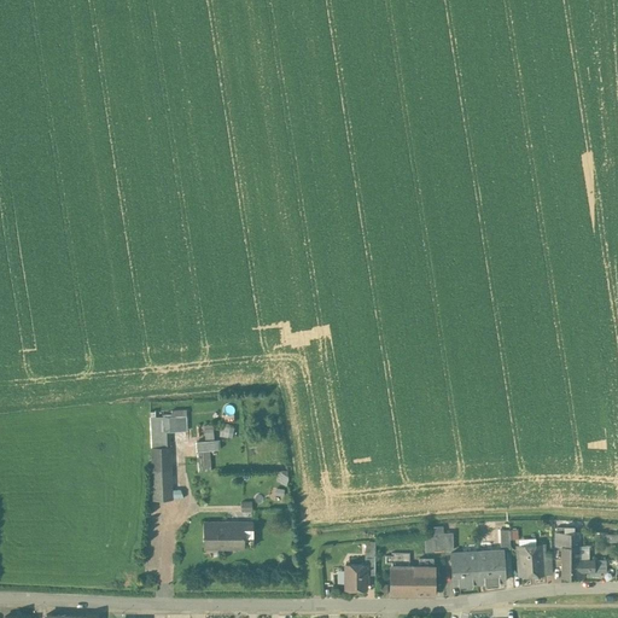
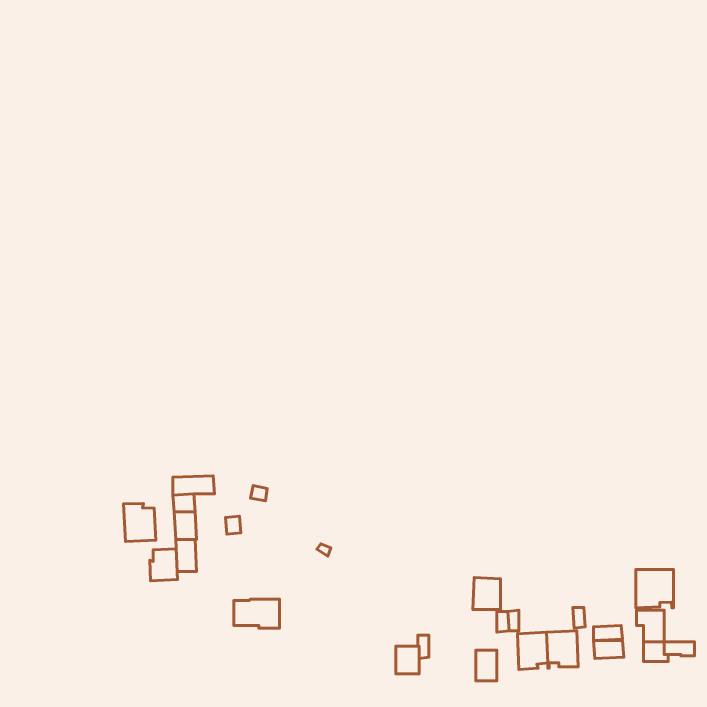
building: none -> [123,503,156,541]
building: none -> [150,549,177,581]
building: none -> [636,569,674,608]
building: [391,566,415,594] -> [473,578,500,609]

